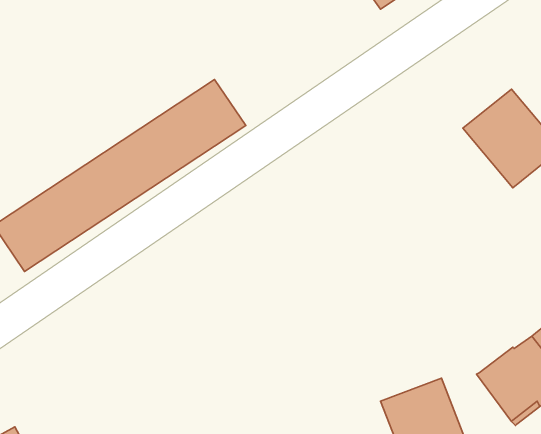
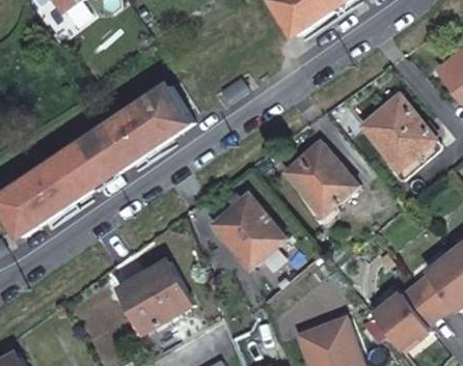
building: none -> [284,142,358,219]
building: none -> [213,198,288,273]
building: none -> [118,260,190,330]

